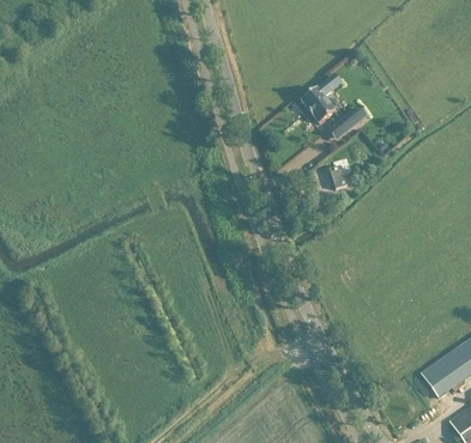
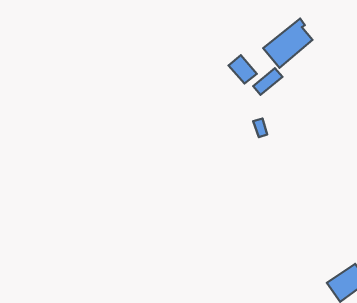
building: none -> [263,18,312,68]

